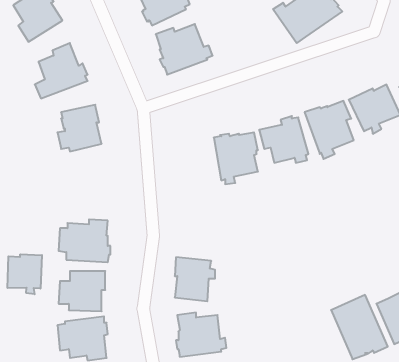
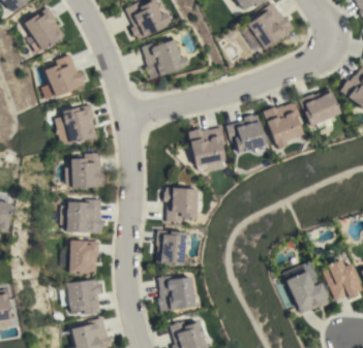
building: none -> [65,152,105,187]
building: none -> [163,187,202,221]
building: [8,254,42,294] -> none

